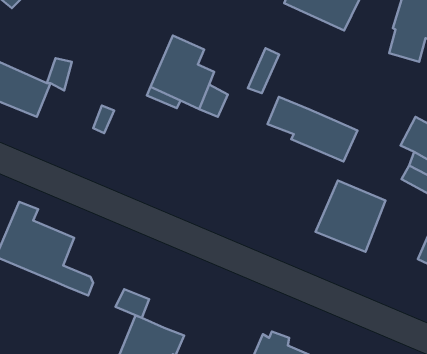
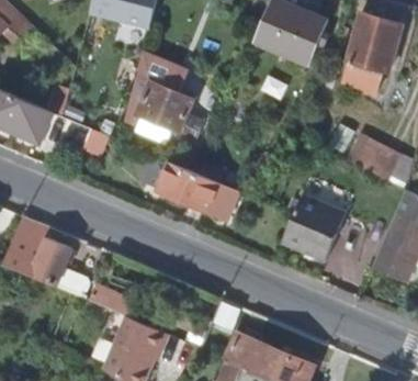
building: [267,97,357,162] -> [161,161,240,218]

